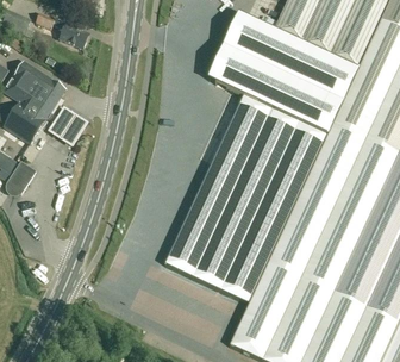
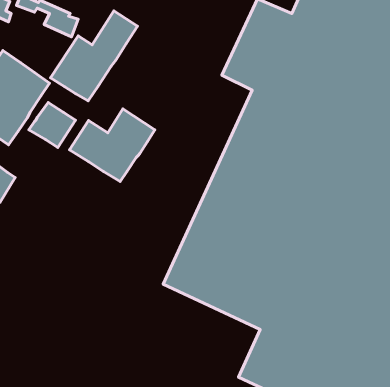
building: none -> [51,11,138,101]
building: none -> [70,109,155,182]

